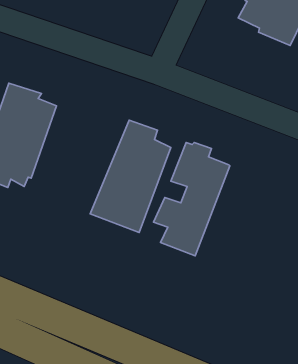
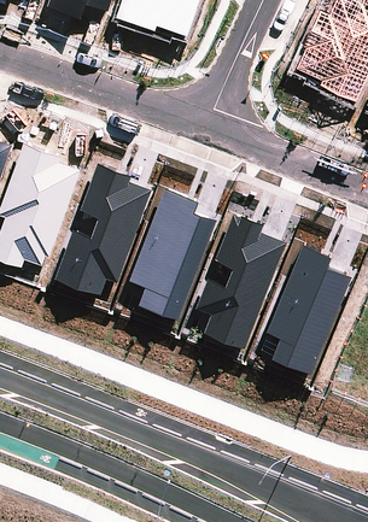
building: none -> [54,163,151,295]
building: none -> [267,242,352,375]

